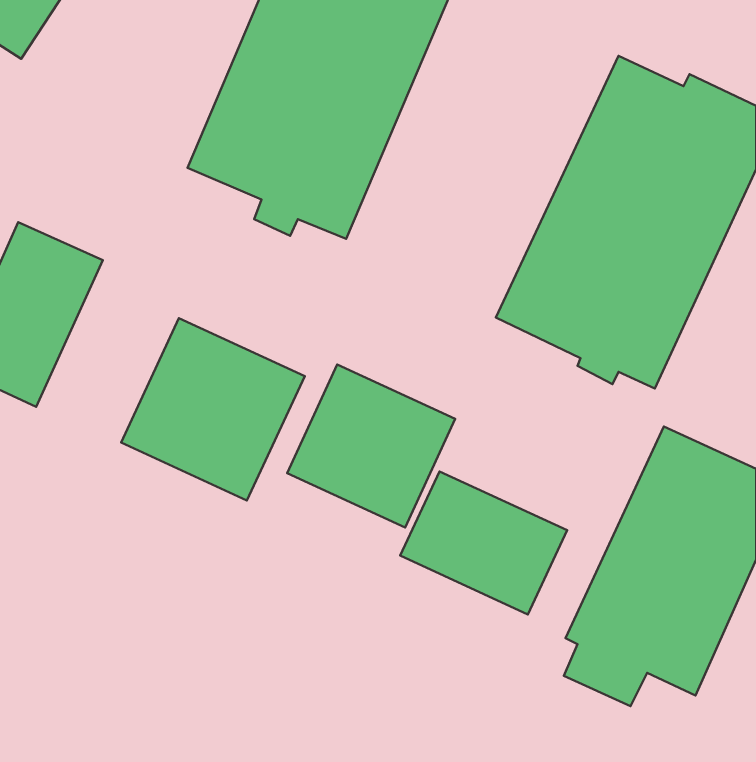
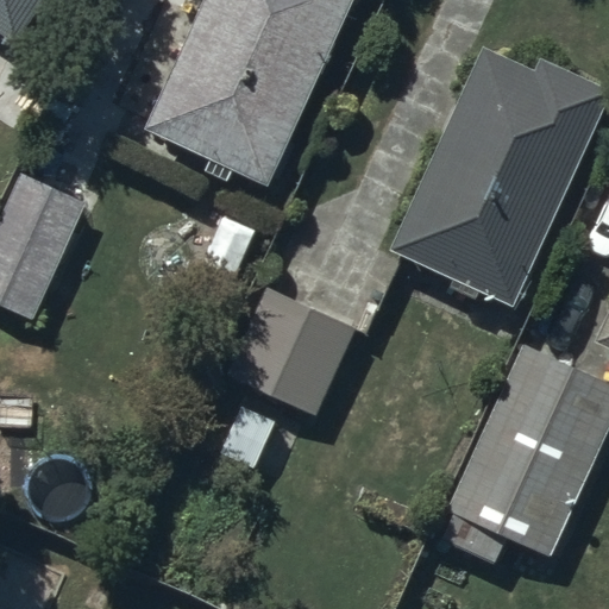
building: [121,318,305,501] -> none
building: [400,471,567,614] -> none

